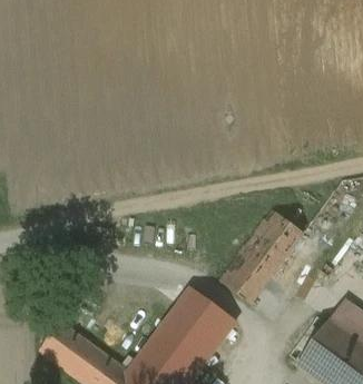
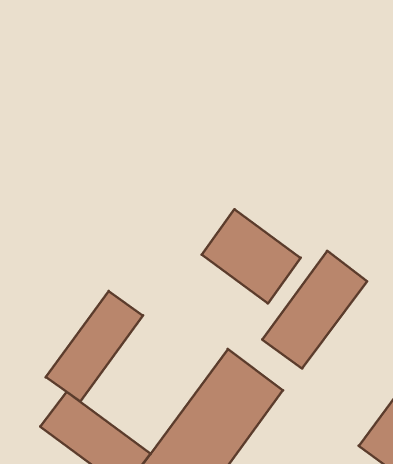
building: none -> [202,209,301,303]
building: none -> [46,291,143,401]

